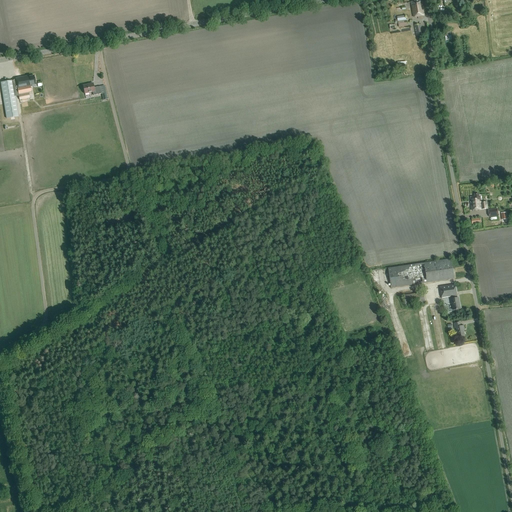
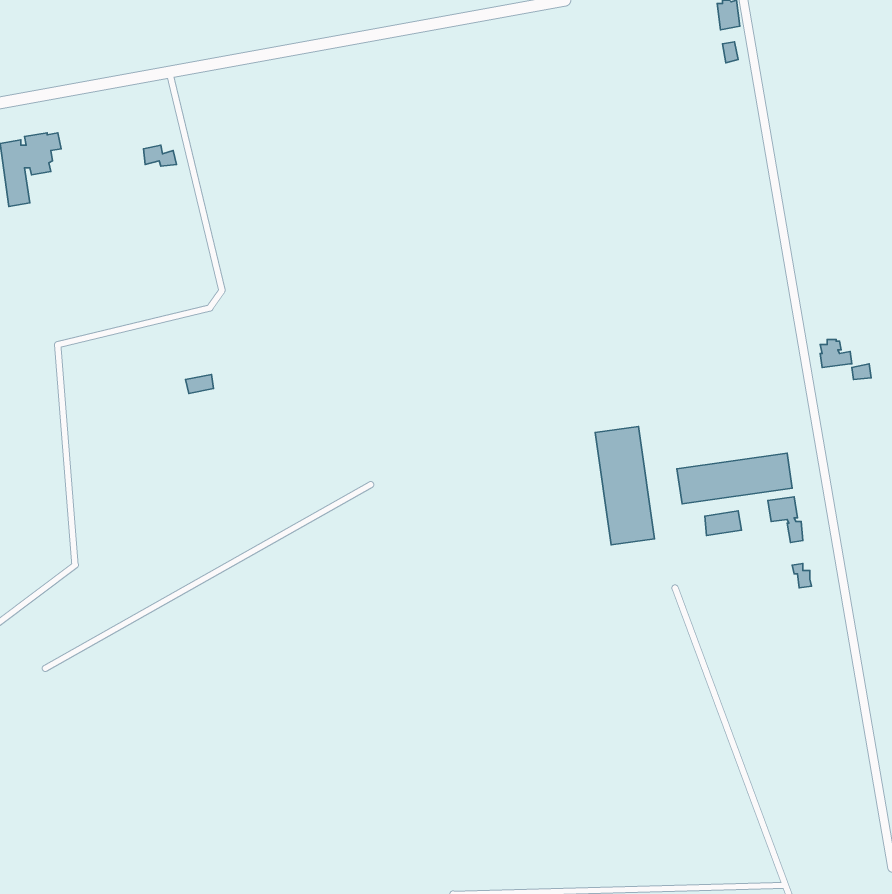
building: none -> [595,427,655,545]

